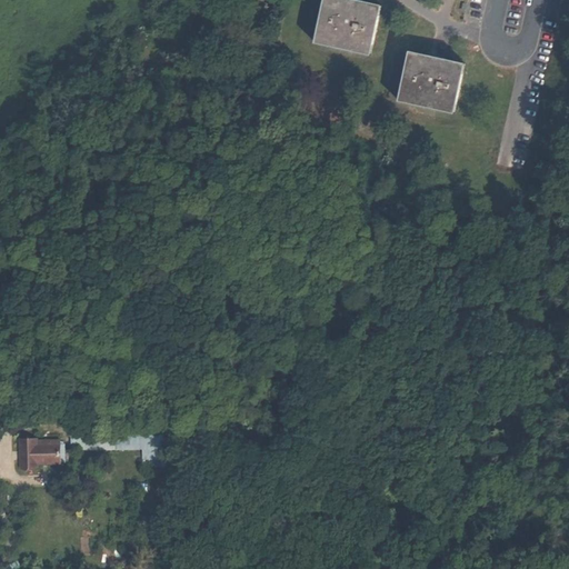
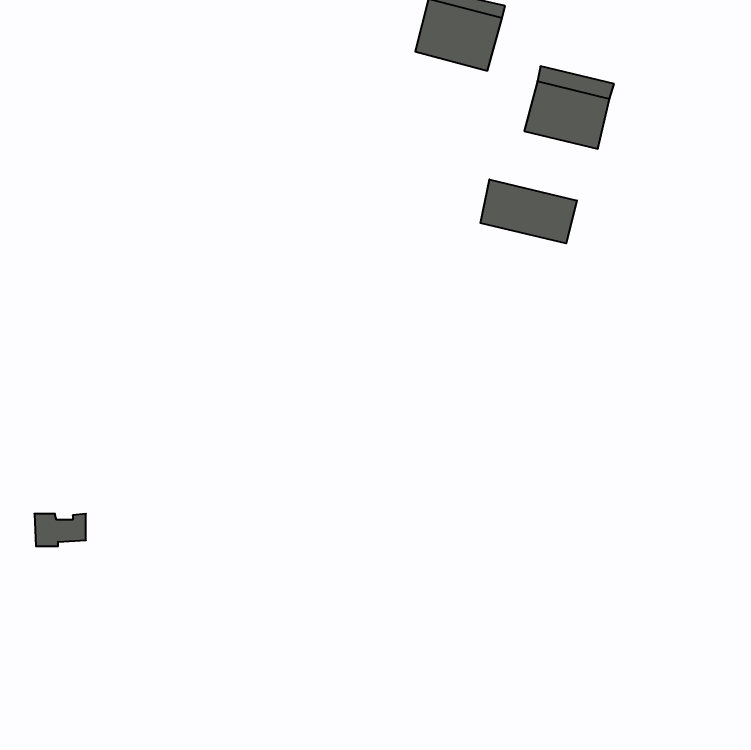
building: none -> [480,179,577,243]
building: [20,440,59,465] -> [34,514,86,546]

